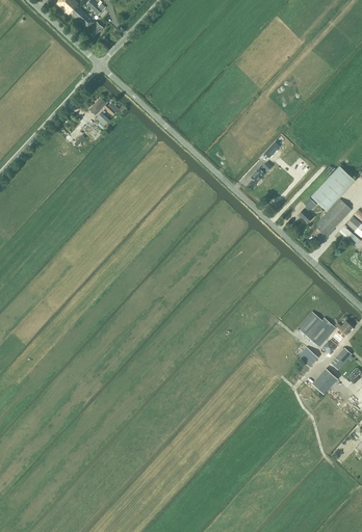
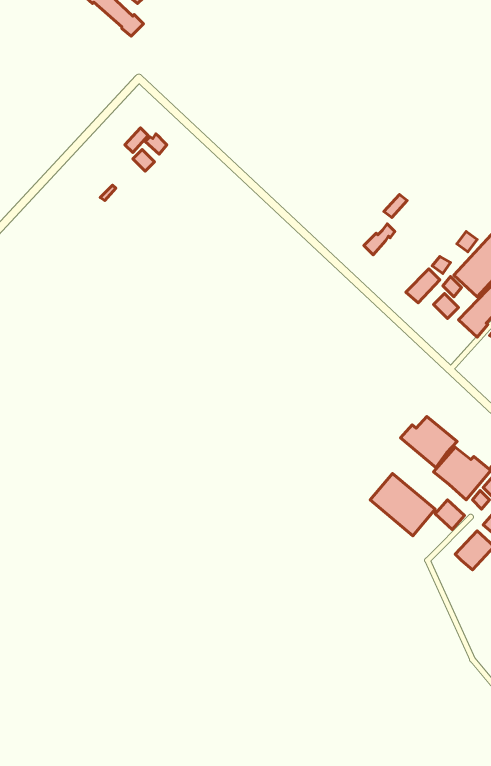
building: none -> [401,416,457,467]
building: none -> [370,473,435,536]

